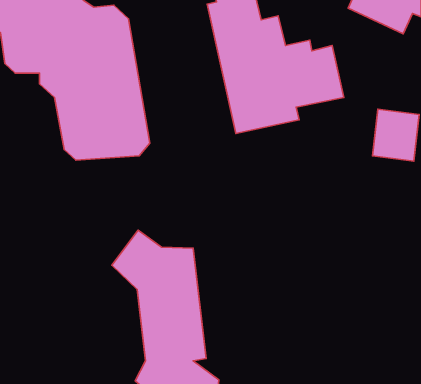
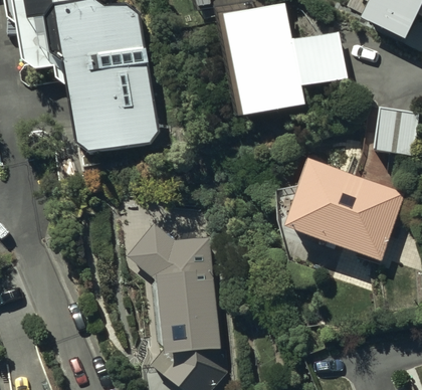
building: none -> [284,155,407,258]

